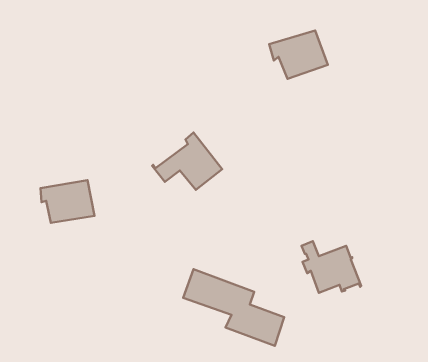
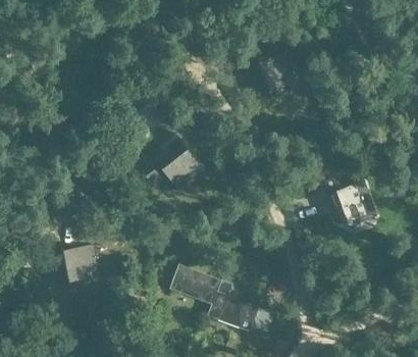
building: [40,180,94,223] -> [52,246,100,284]
building: [302,241,361,293] -> [324,179,377,224]

